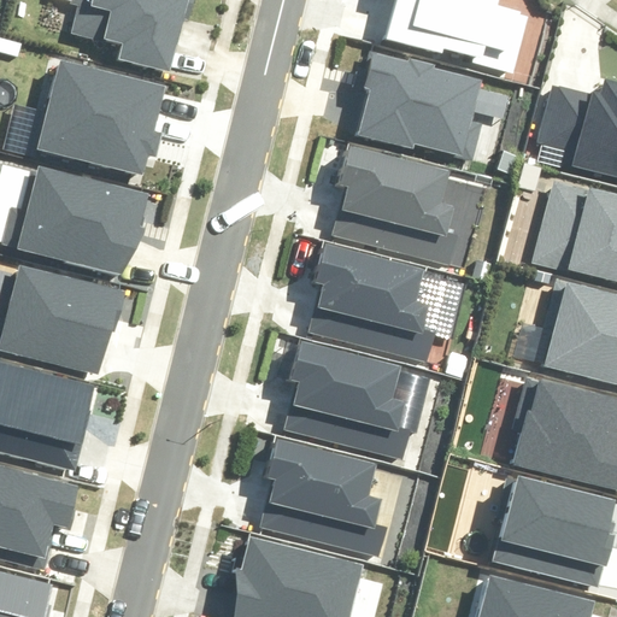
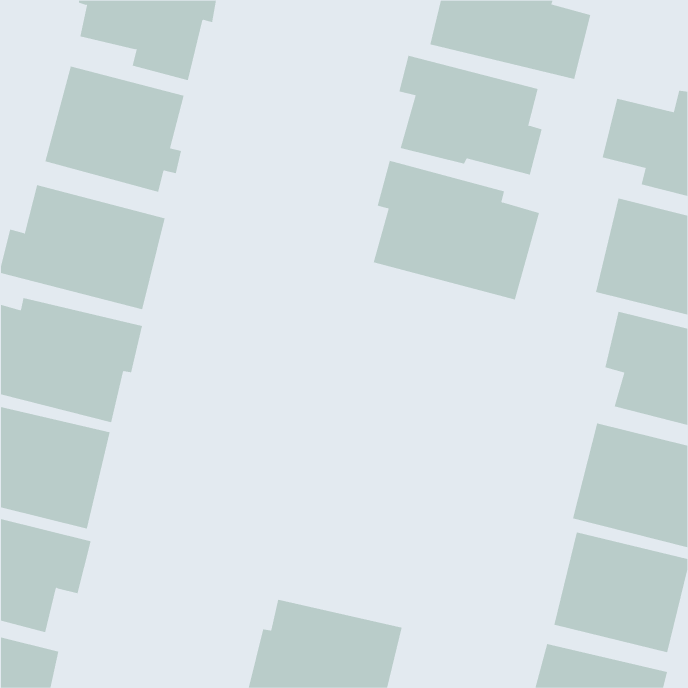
building: [310,245,431,358] -> none
building: [286,339,407,453] -> none
building: [264,439,387,553] -> none

